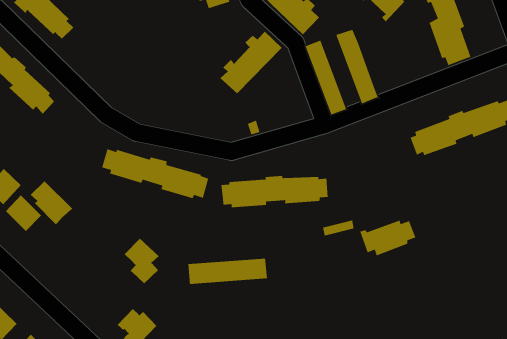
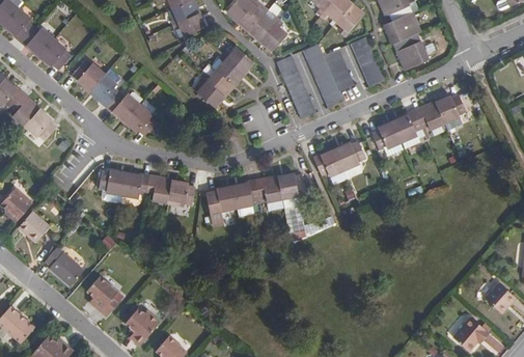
building: none -> [351,39,384,89]
building: none -> [73,62,153,133]
building: none -> [325,50,355,93]
building: [30,181,73,225] -> [43,244,82,283]
building: [359,220,417,256] -> [315,147,367,182]
building: [124,238,159,284] -> [83,273,115,314]
building: [187,258,268,285] -> none

